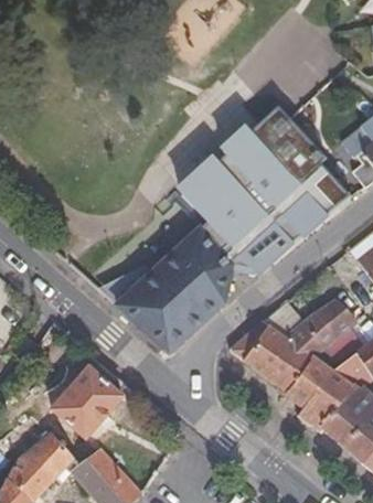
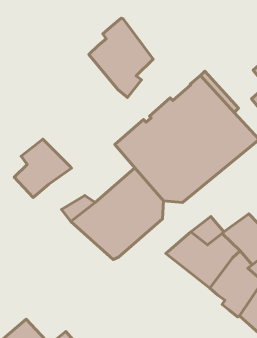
building: none -> [89,18,153,97]
building: none -> [14,139,71,197]
building: [52,367,121,438] -> none

